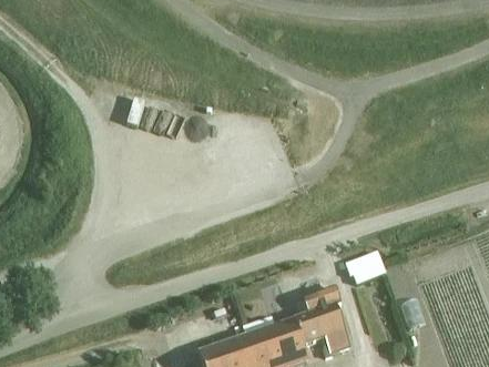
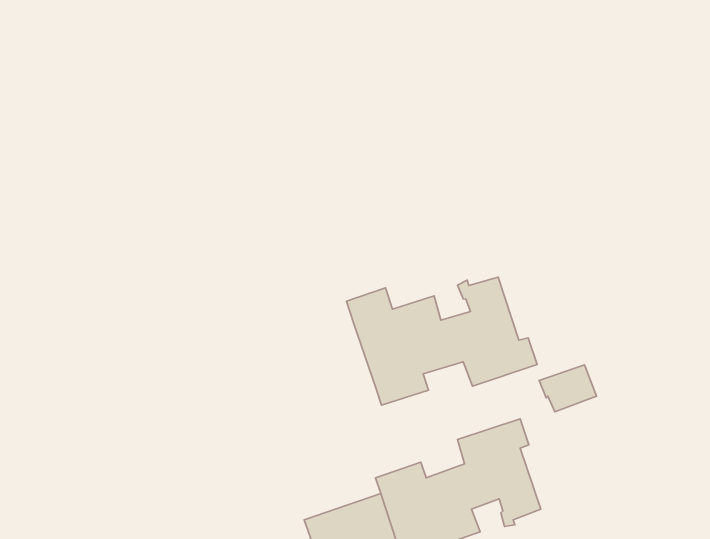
building: none -> [346,277,537,405]

